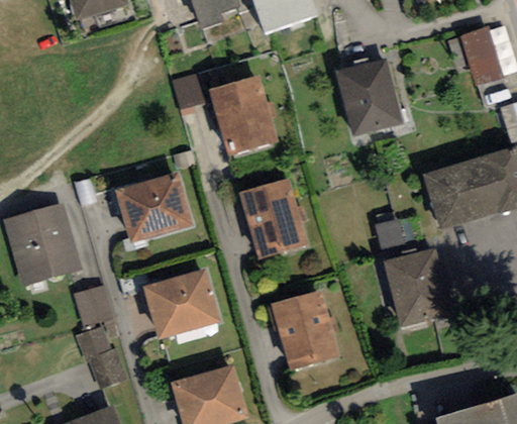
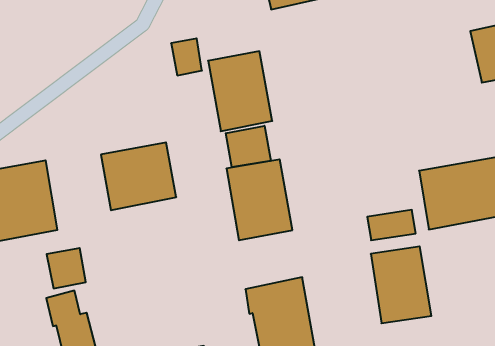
building: [336,58,402,136] -> none
building: none -> [226,126,271,167]
building: [142,268,221,339] -> none

